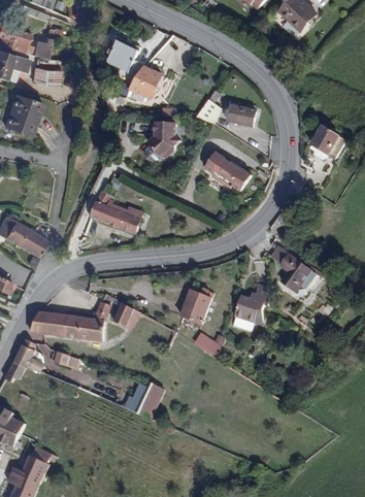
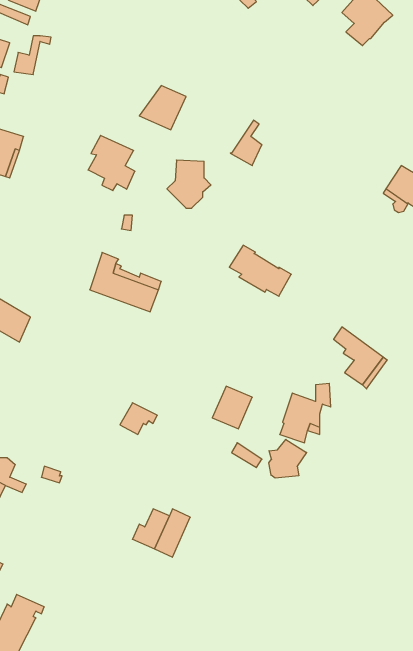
building: [106,35,141,76] -> [88,135,135,191]
building: [32,68,61,86] -> none
building: [227,105,257,127] -> none
building: [207,155,254,193] -> [229,245,291,296]
building: [30,301,111,341] -> none
building: none -> [269,439,307,478]

